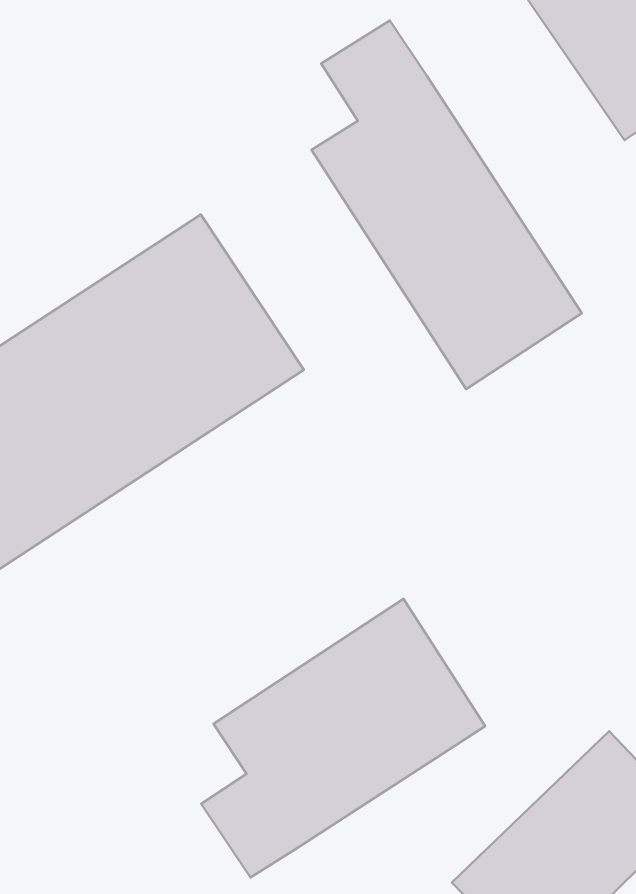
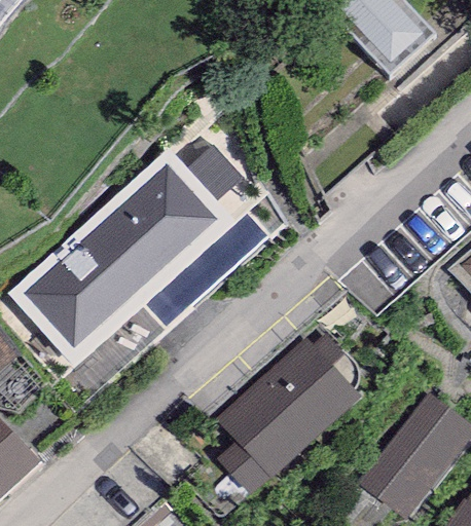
building: [311,20,582,389] -> none

